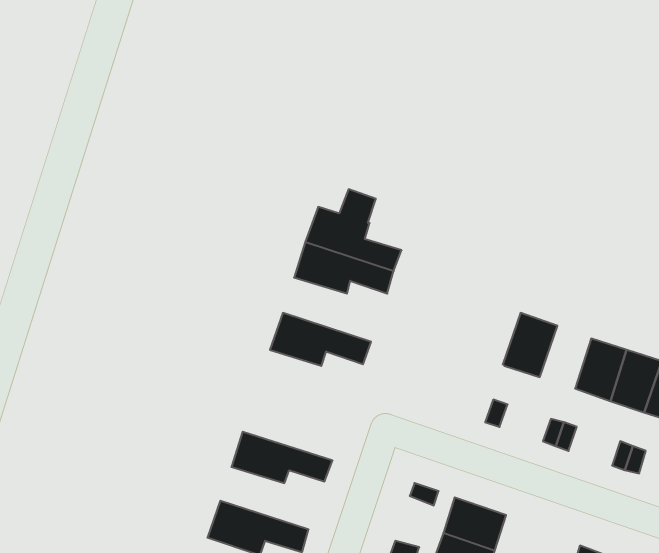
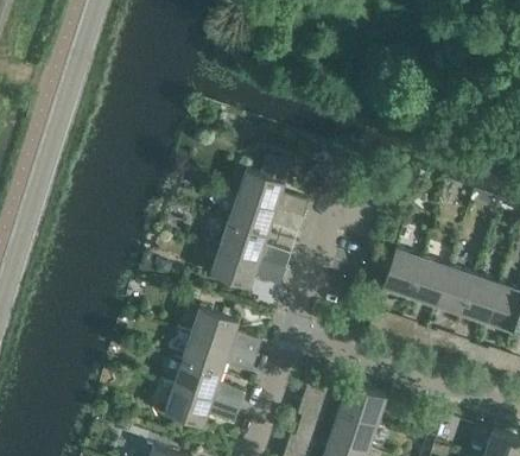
building: none -> [218,222,288,270]
building: none -> [408,258,446,304]
building: none -> [189,309,260,357]
building: none -> [172,362,243,408]

